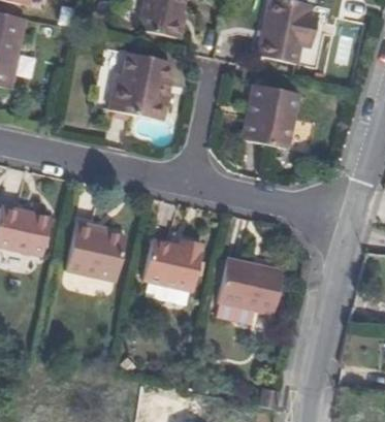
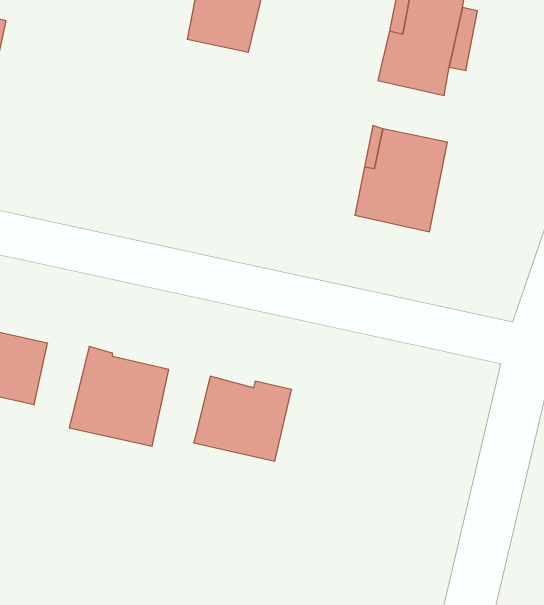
building: [108,52,171,121] -> none
building: [217,258,284,314] -> none

